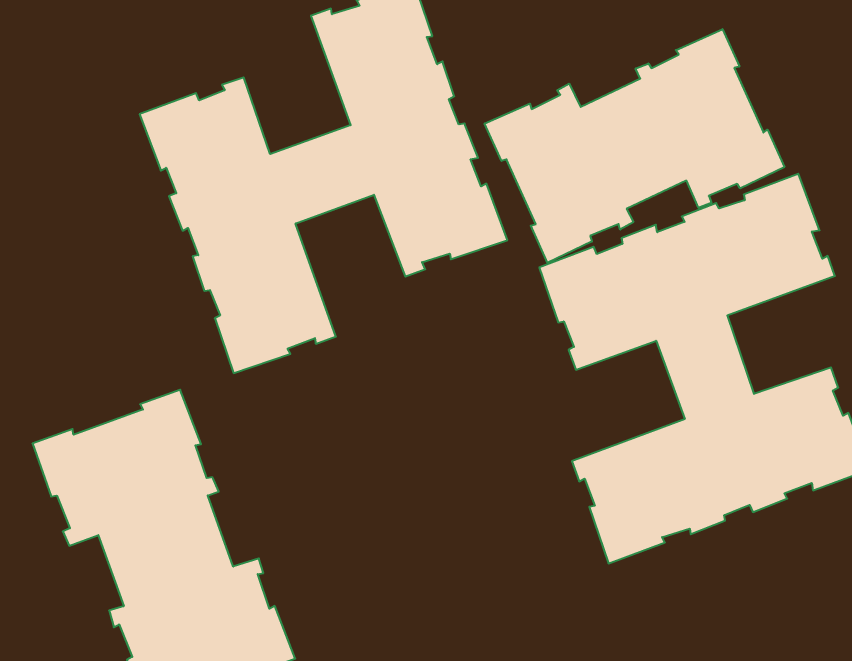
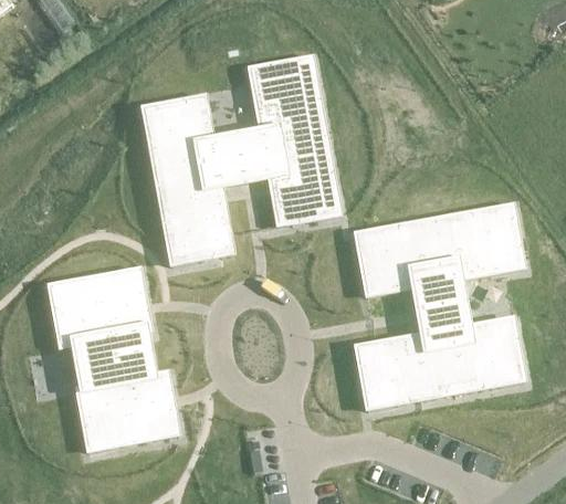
building: [485,29,784,263] -> none

